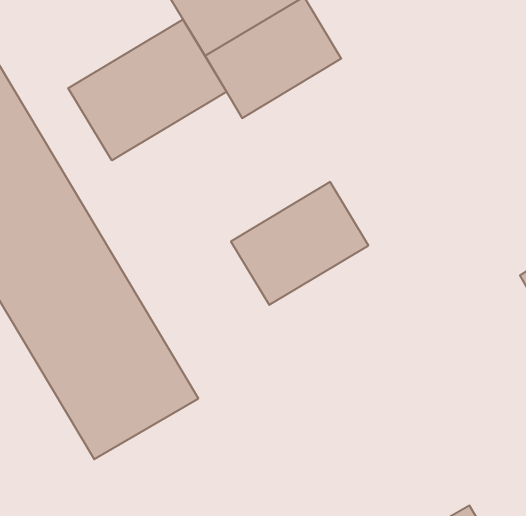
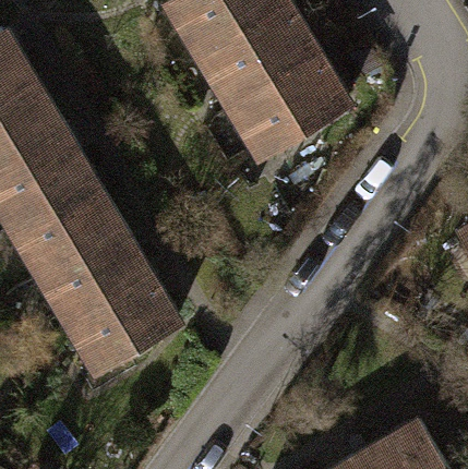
building: [68,19,226,160] -> none
building: [231,182,368,305] -> [224,53,337,155]

